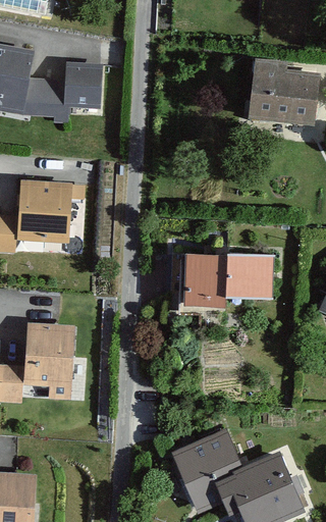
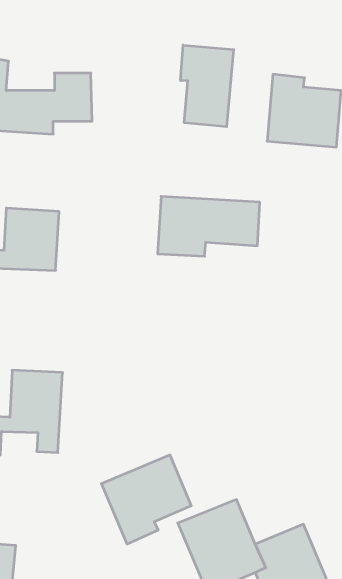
building: none -> [181,45,234,127]
building: [185,247,274,299] -> [158,196,260,256]
building: none -> [101,455,191,544]

